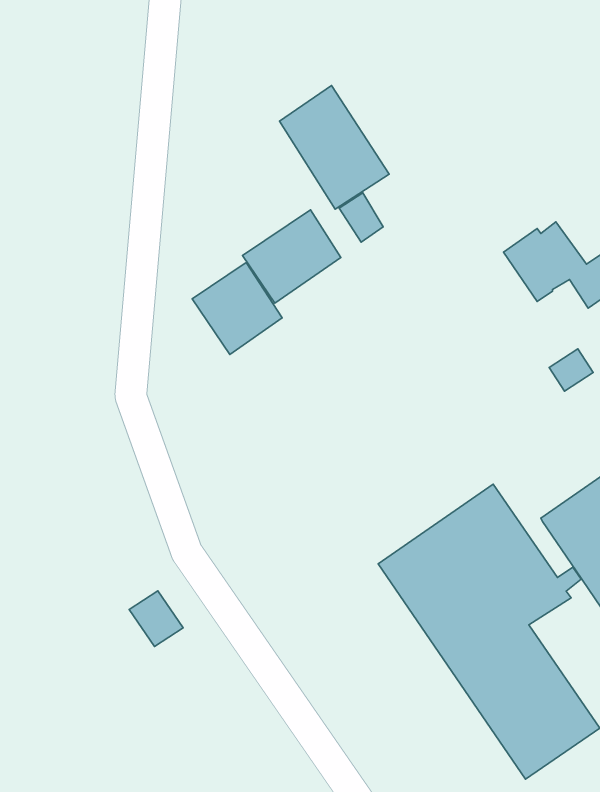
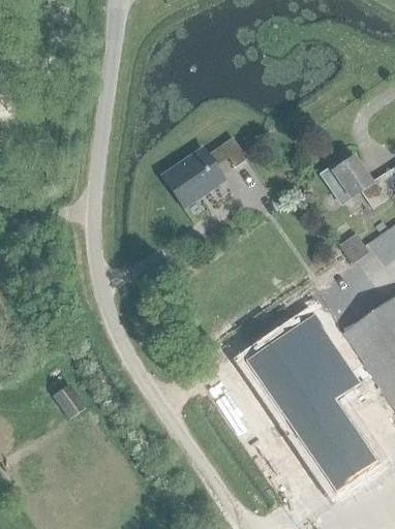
building: [279,85,389,209] -> none
building: [192,262,282,354] -> none
building: [129,591,183,647] -> [52,384,85,418]

